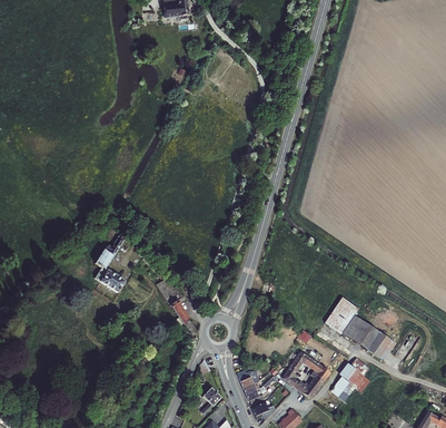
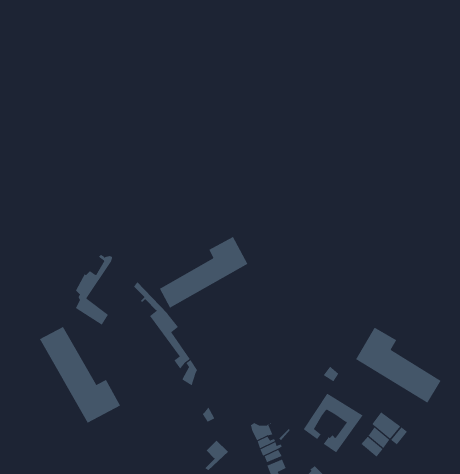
building: none -> [159,236,248,309]
building: none -> [39,326,121,424]

